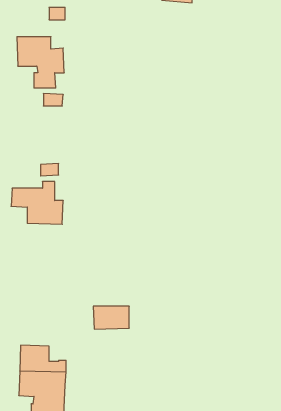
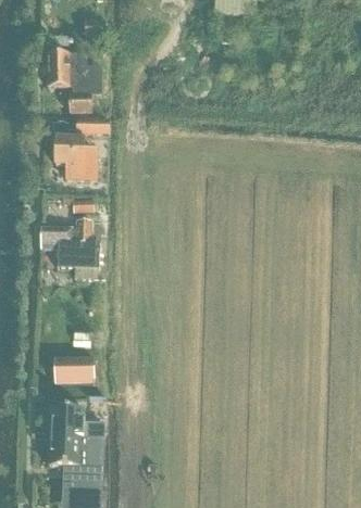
building: none -> [54,138,97,179]
building: [93,306,129,329] -> [54,357,96,383]

